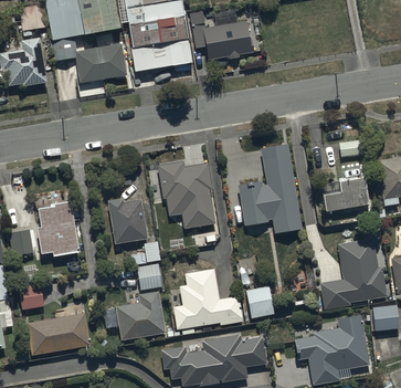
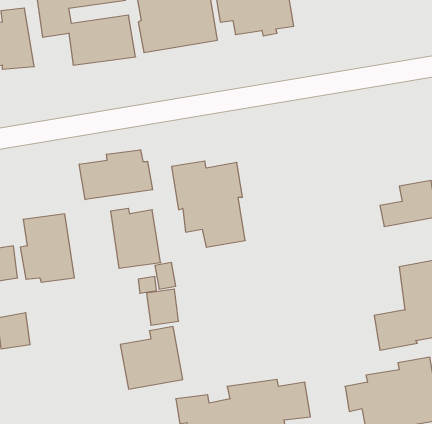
building: [236,138,302,228] -> none
building: none -> [79,150,153,200]
building: [172,268,244,329] -> none
building: [246,285,275,317] -> none
building: [27,313,91,355] -> none

